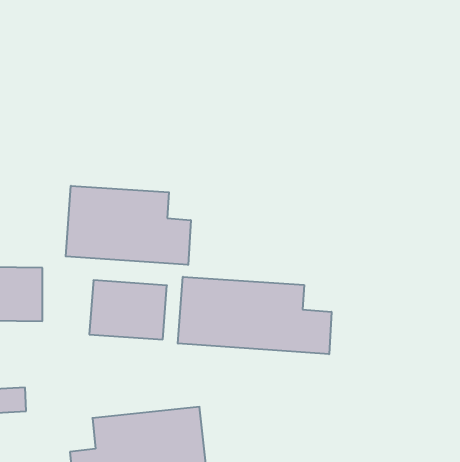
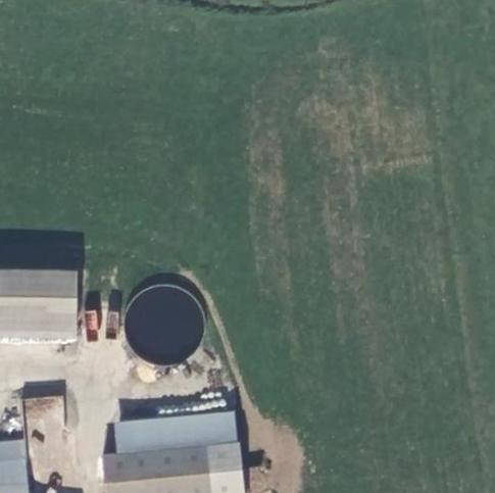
building: [66,186,191,265] -> none
building: [178,277,331,354] -> none

